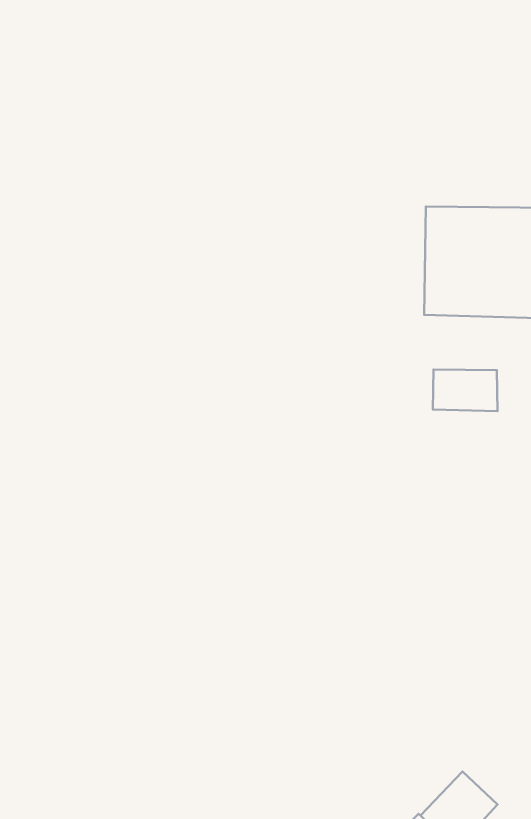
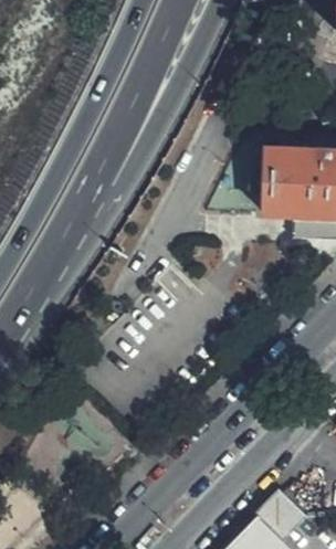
building: [433,369,497,411] -> none

